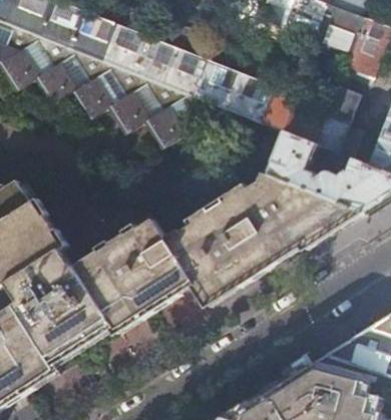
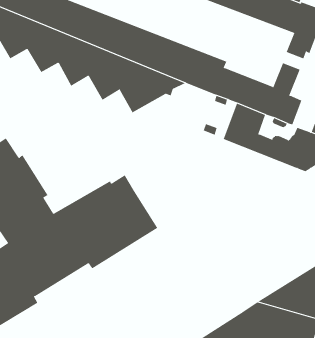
building: [165,171,354,300] -> none

